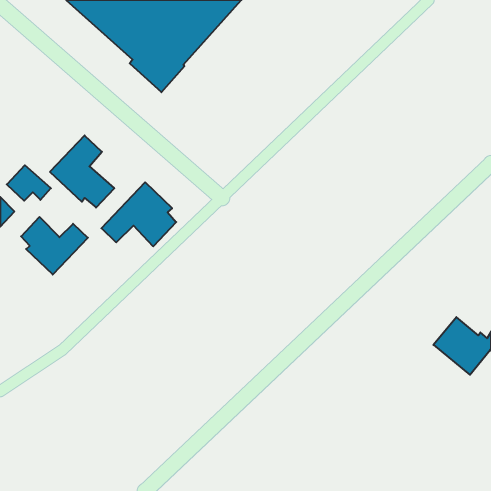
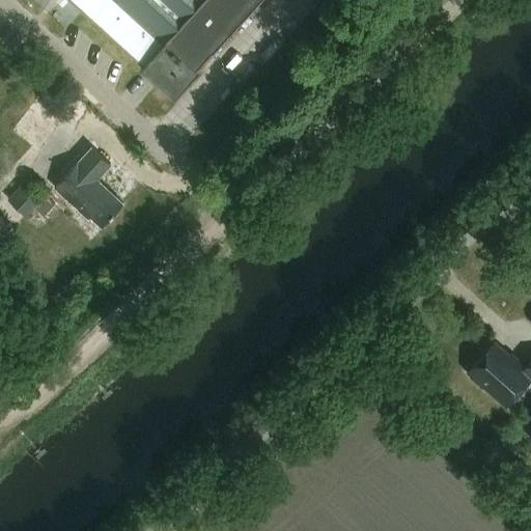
building: [101,182,176,246] -> none
building: [21,217,88,275] -> none

